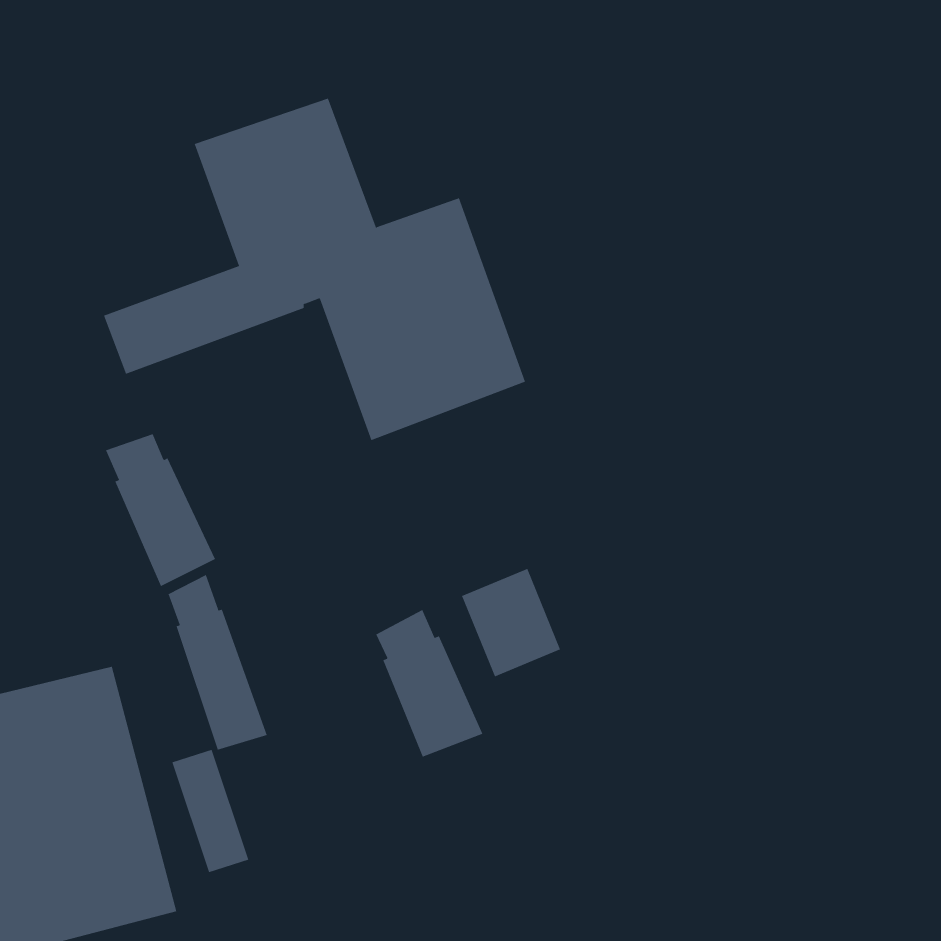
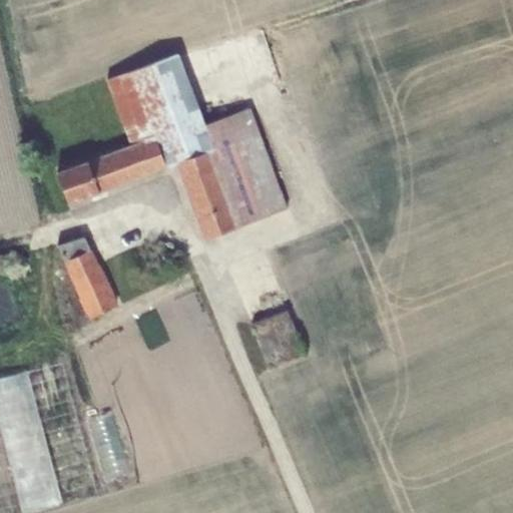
building: [168,574,267,751] -> none
building: [376,609,483,757] -> none

